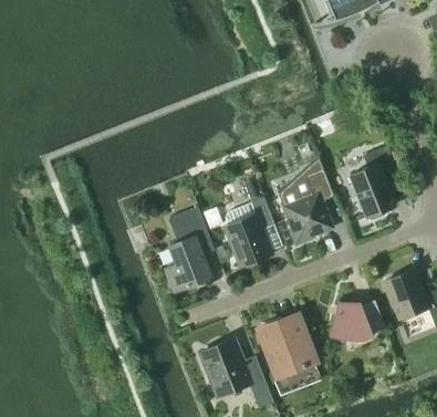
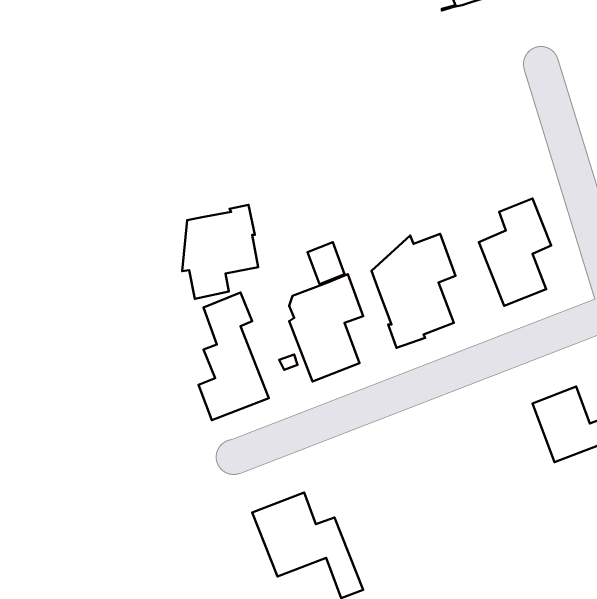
building: none -> [182,205,258,299]
building: [330,298,385,340] -> none
building: [259,315,321,393] -> none

